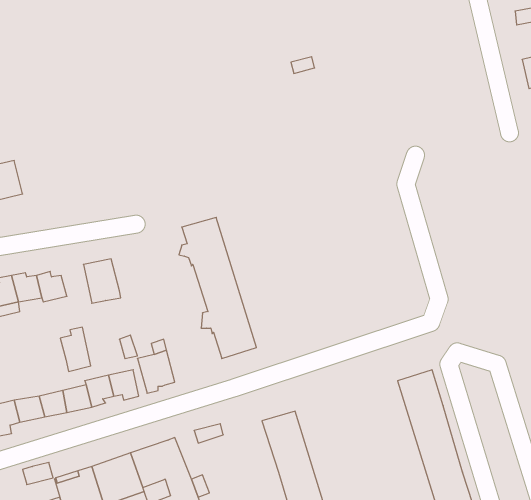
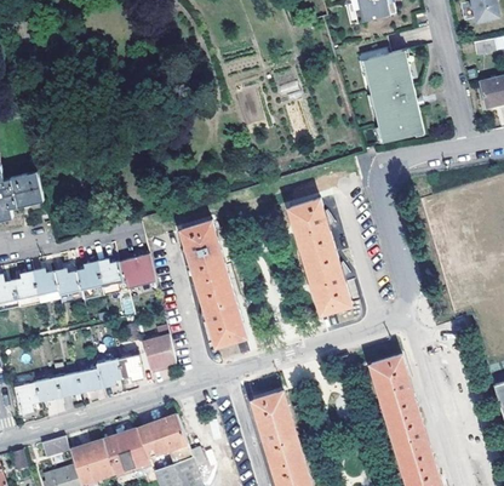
building: none -> [362,51,423,142]
building: none -> [290,198,353,313]
building: none -> [120,252,155,285]
building: [60,327,91,371] -> [76,262,103,301]

